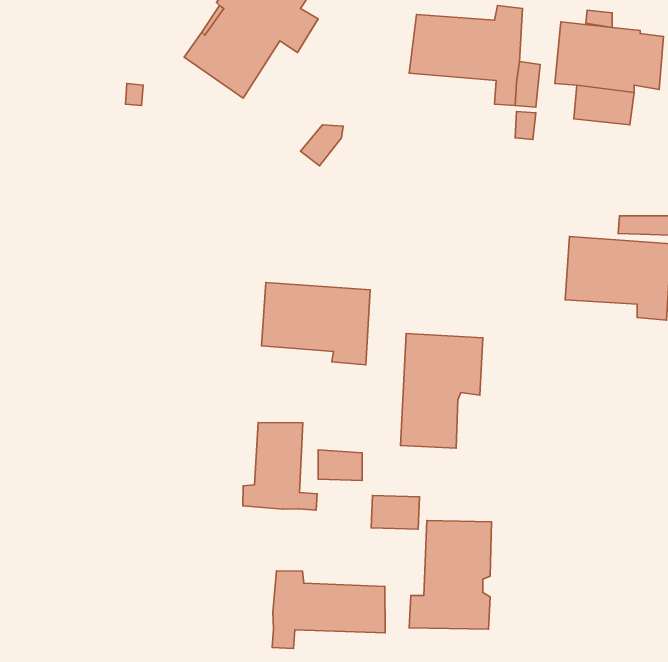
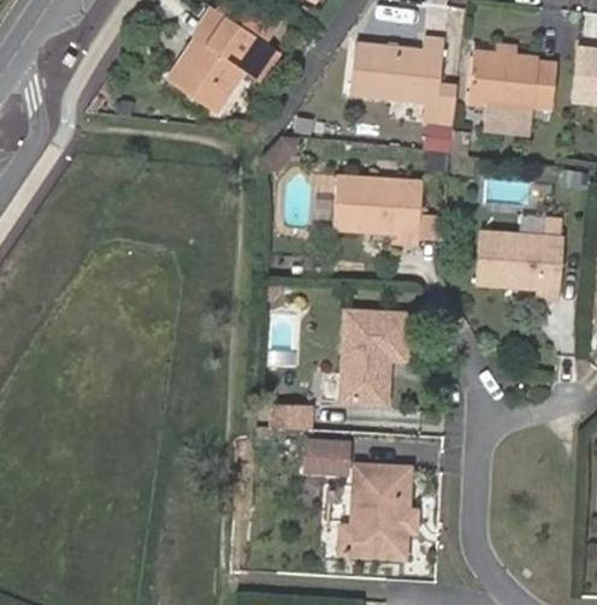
building: [261,283,370,365] -> [333,174,422,242]
building: [243,423,317,510] -> none
building: [272,571,385,648] -> none

